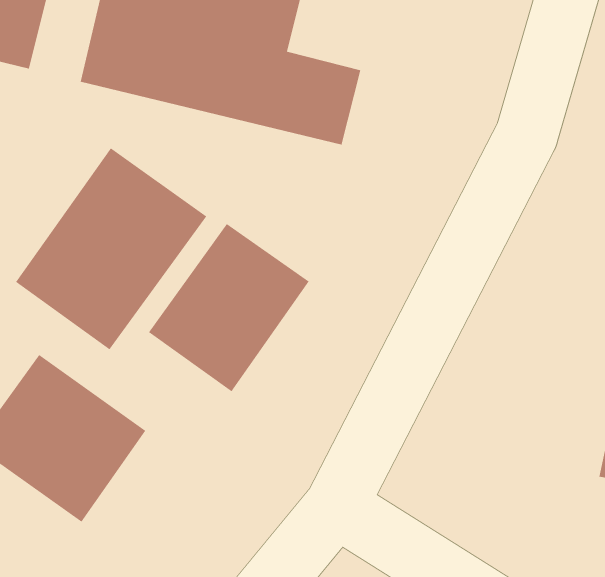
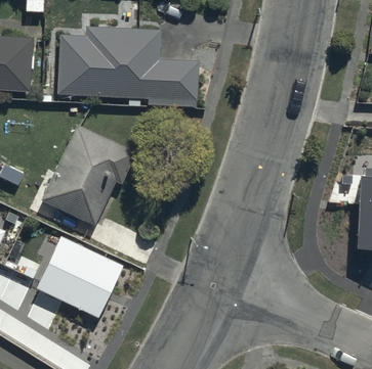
building: [148,223,310,392] -> none

